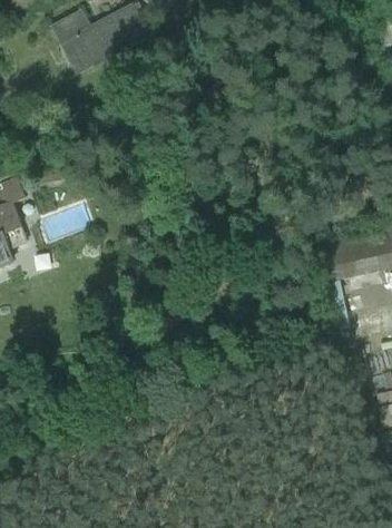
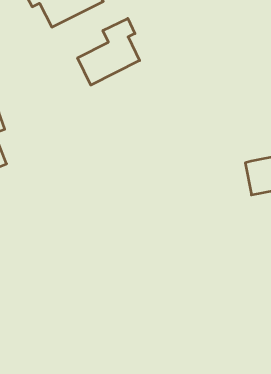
building: none -> [78,18,140,85]

